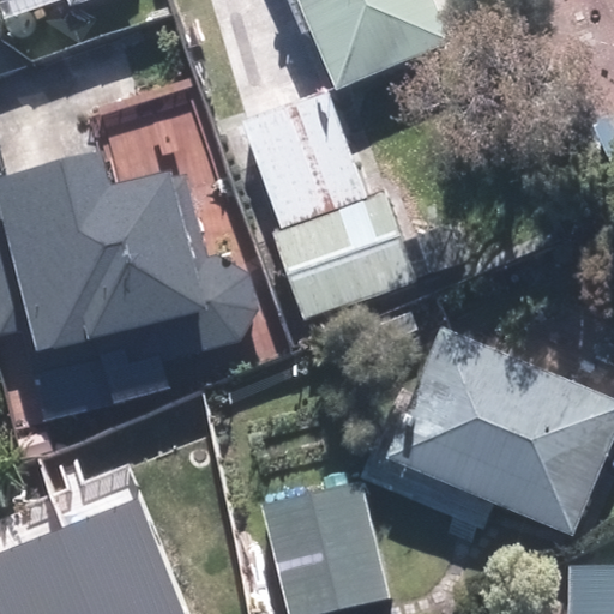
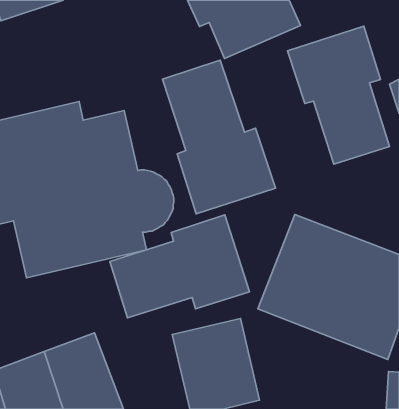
building: none -> [288,26,389,164]
building: none -> [110,215,250,318]

